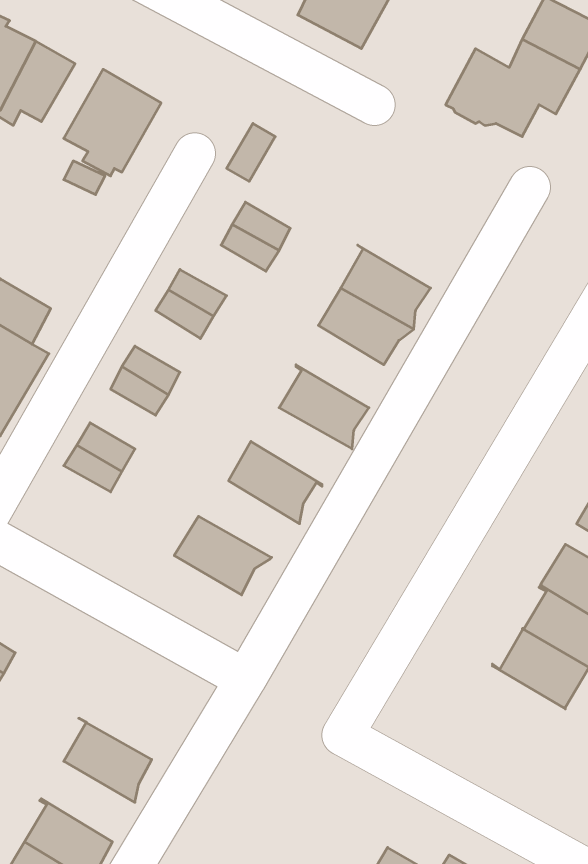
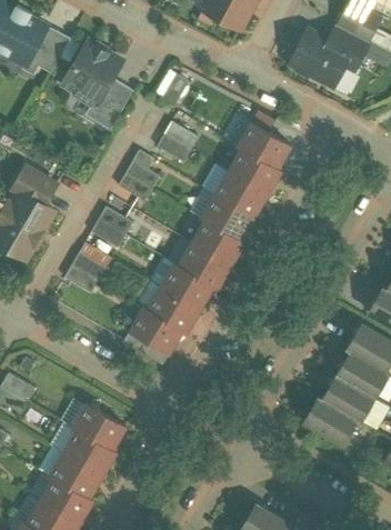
building: none -> [96,78,132,130]
building: none -> [237,122,290,172]
building: none -> [200,194,252,243]
building: none -> [173,243,233,289]
building: none -> [142,287,202,332]
building: none -> [302,397,360,444]
building: none -> [71,404,124,452]
building: none -> [49,453,104,501]

